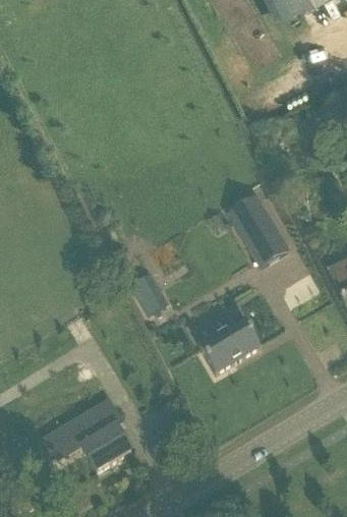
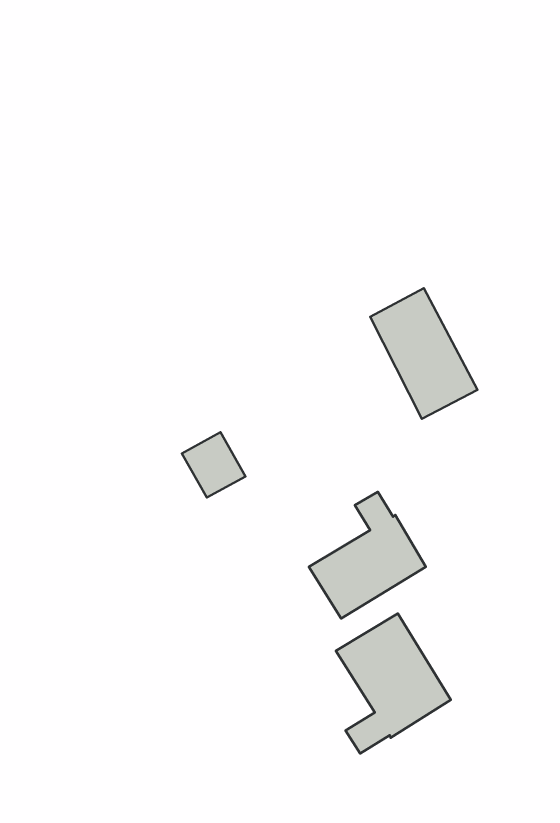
building: none -> [336,613,451,753]
building: [51,400,130,469] -> none

